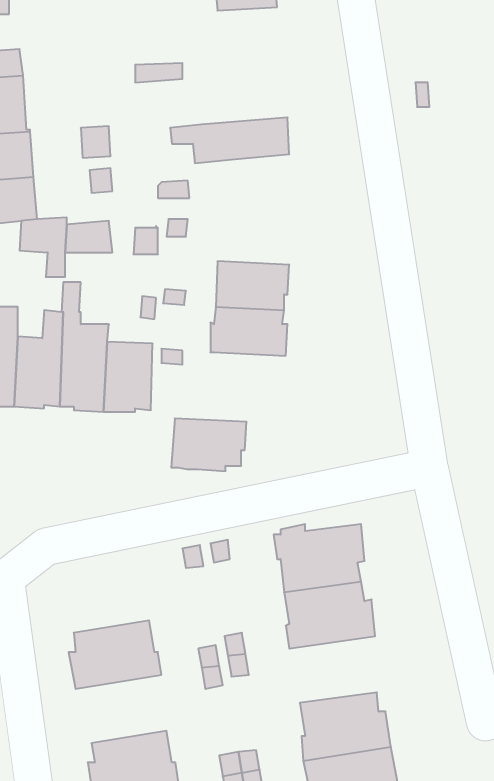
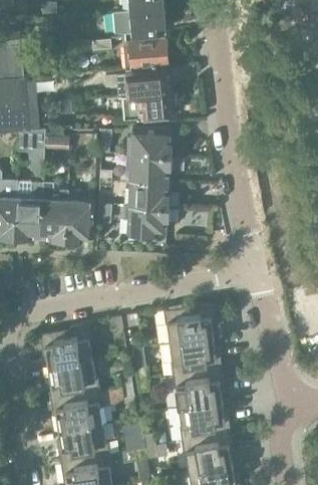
building: none -> [112,10,166,36]
building: none -> [124,42,169,68]
building: none -> [123,94,174,120]
building: none -> [130,130,173,158]
building: [171,418,247,471] -> [126,208,170,238]
building: none -> [38,325,91,369]
building: none -> [172,371,224,409]
building: none -> [49,393,101,432]

